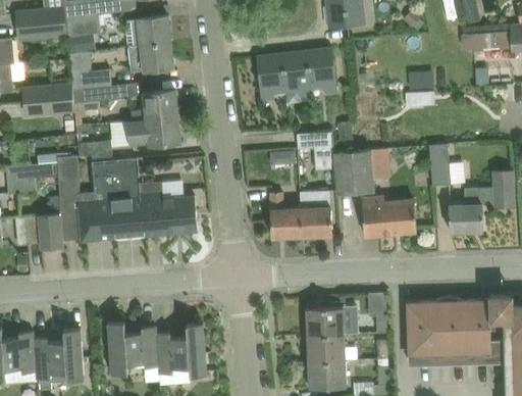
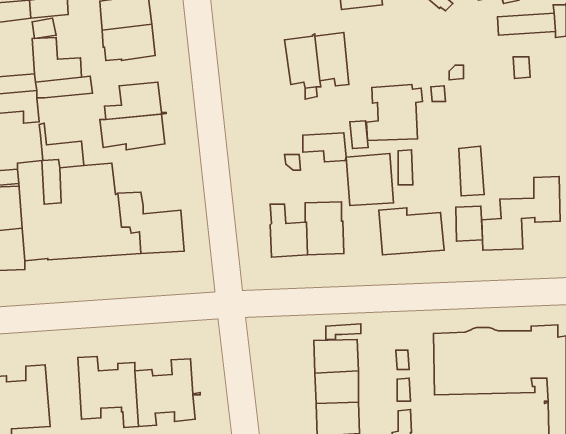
building: [257,52,288,100] -> none
building: none -> [367,85,423,140]
building: none -> [456,206,483,241]

